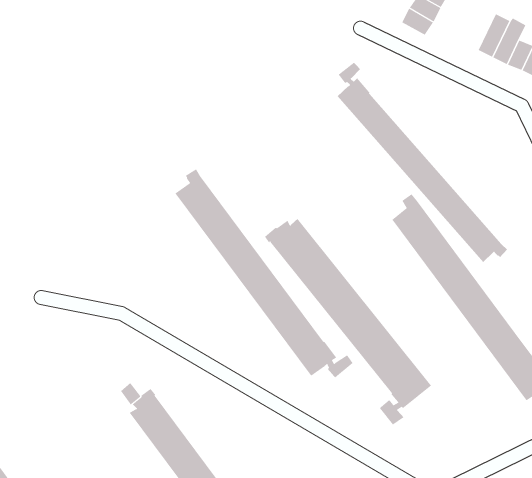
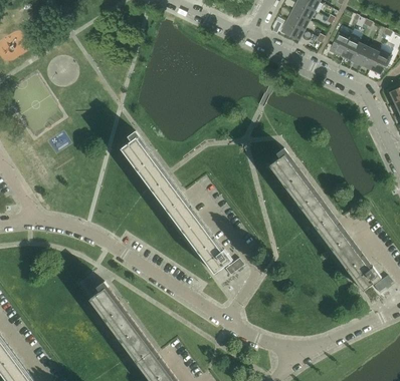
building: [337,60,508,263] -> none
building: [264,218,432,426] -> none

